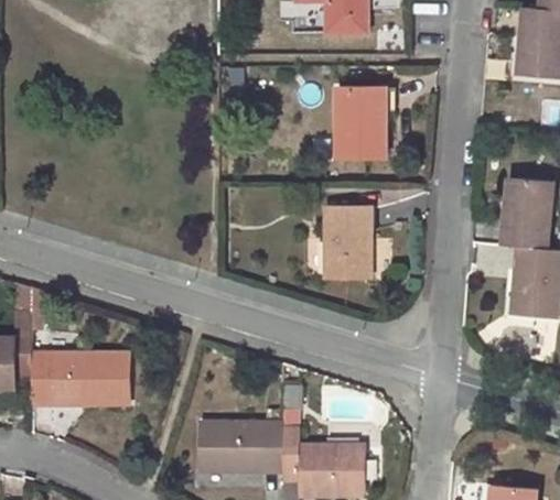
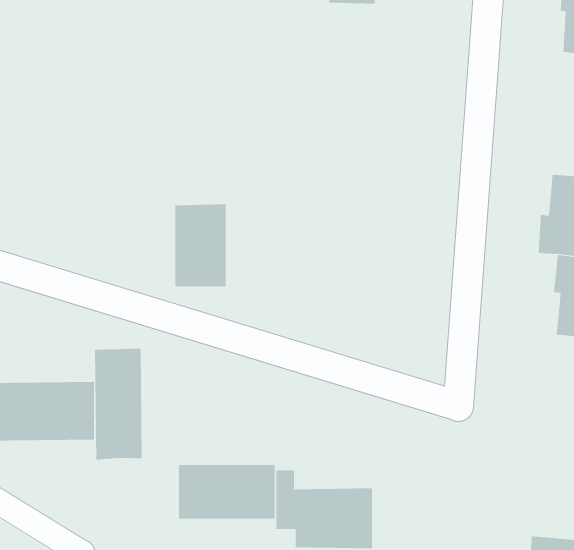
building: [335,88,385,159] -> none
building: [325,207,369,278] -> [174,204,226,287]
building: none -> [95,348,142,460]

